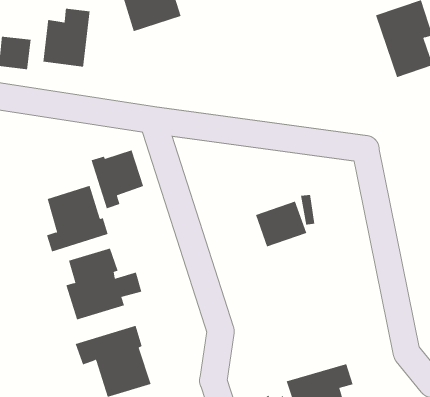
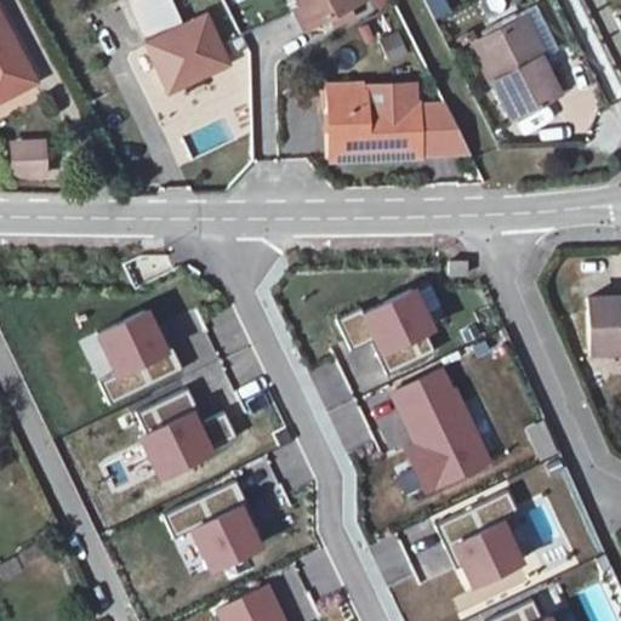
building: [43,8,90,68] -> none
building: none -> [319,81,473,165]
building: [91,149,144,209] -> none
building: none -> [391,368,494,495]

